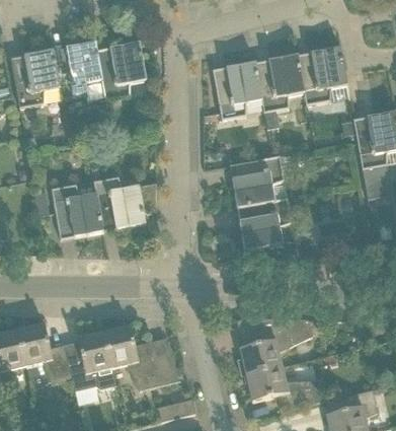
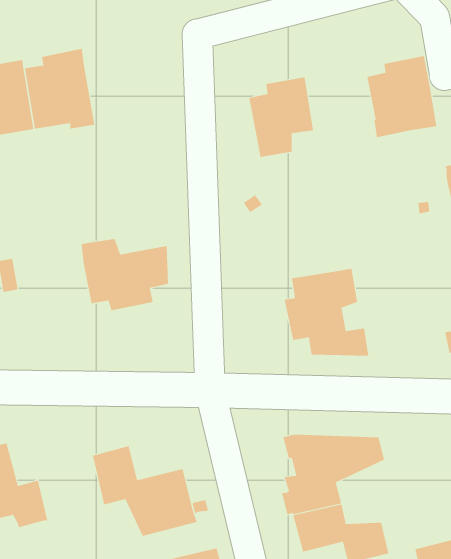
building: [97,41,148,97] -> none
building: [255,53,304,126] -> none
building: [232,154,285,206] -> none
building: [52,183,102,234] -> none
building: [64,331,114,388] -> none

